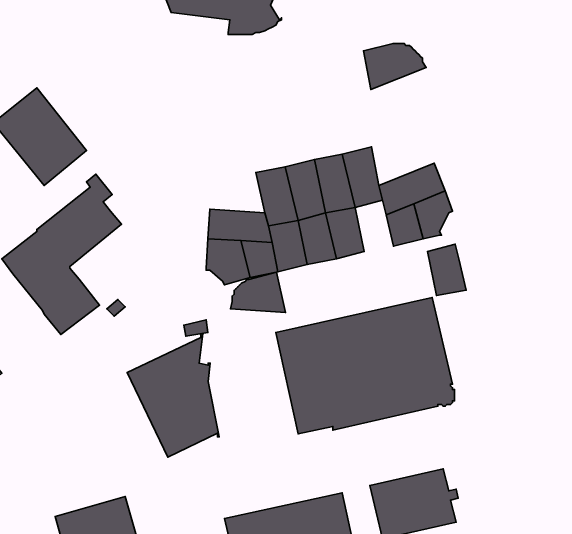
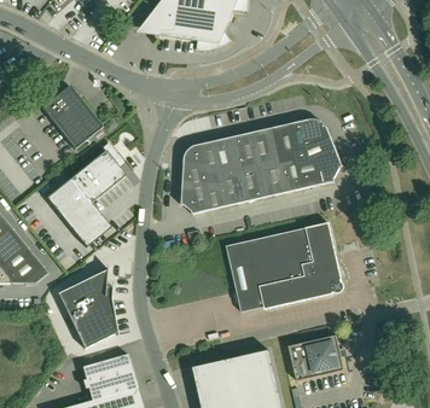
building: [364,44,426,90] -> [289,118,330,148]
building: [427,244,466,296] -> [278,158,303,192]
building: [230,272,286,313] -> [182,140,219,167]
building: [127,334,219,457] -> [57,267,117,348]

